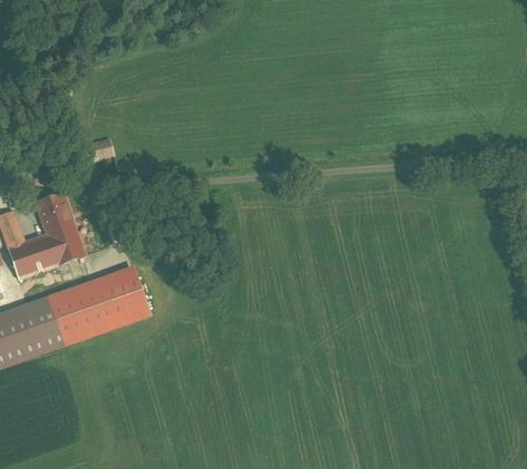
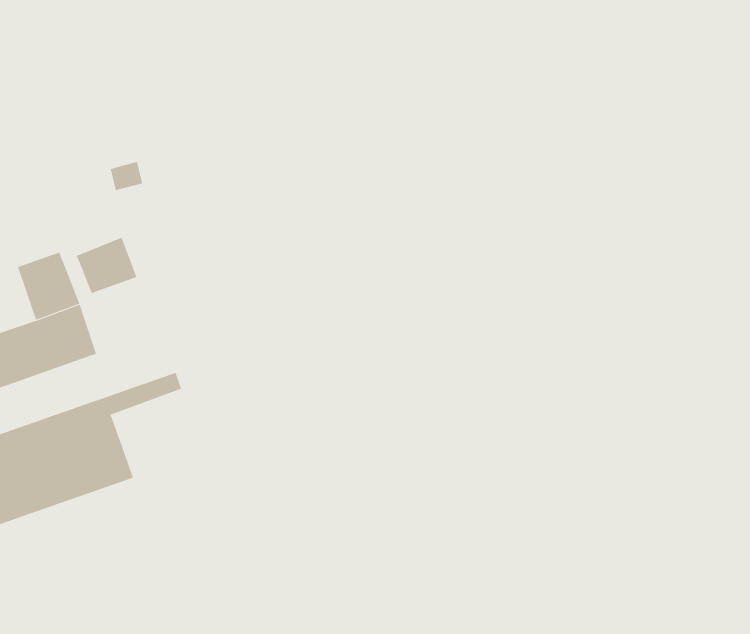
building: none -> [76,237,137,294]
building: [94,276,150,330] -> none

